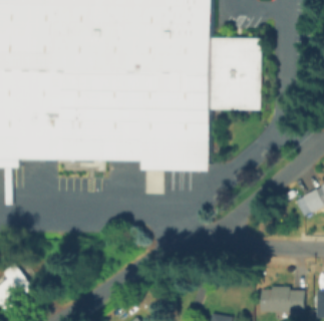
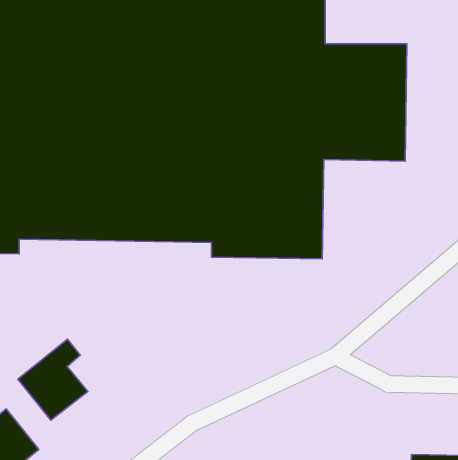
building: none -> [18,339,88,420]

